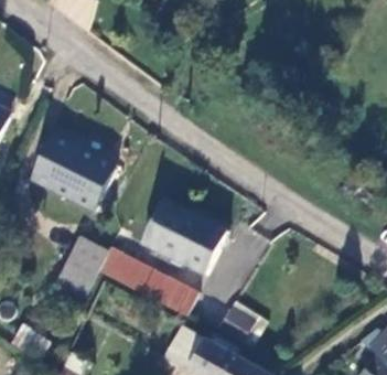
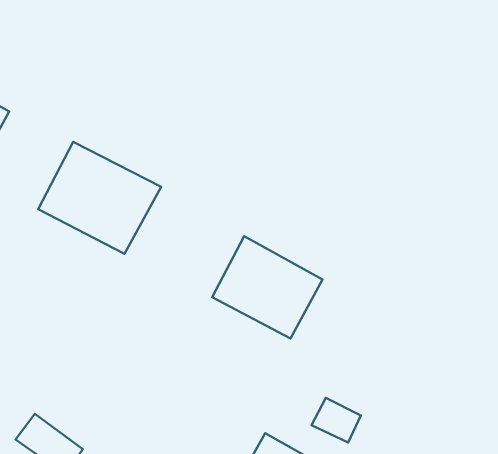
building: [51,237,101,301] -> none
building: [107,251,198,312] -> none

